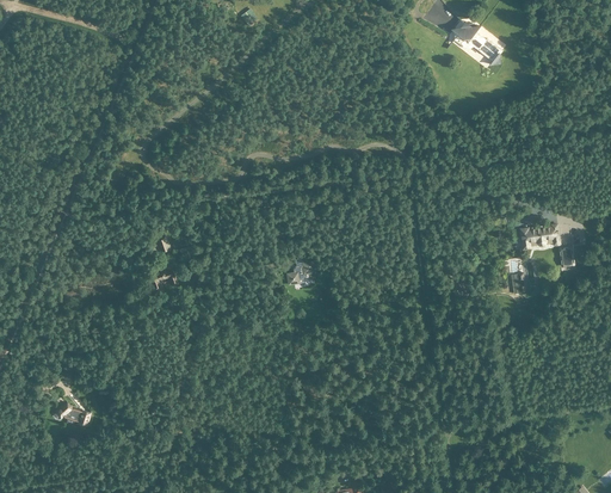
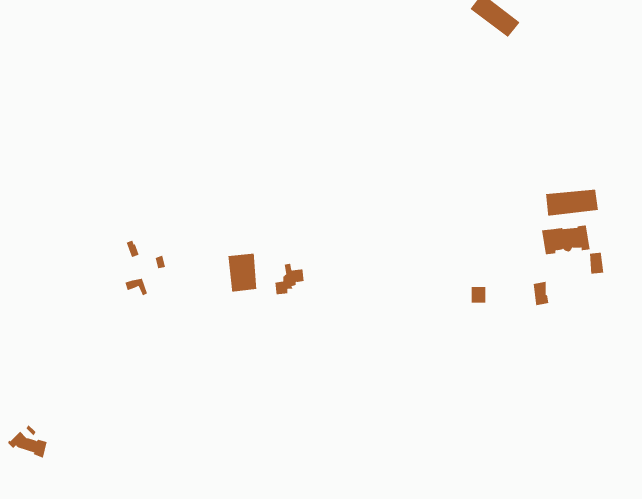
building: none -> [546,189,599,216]
building: none -> [228,253,257,293]

